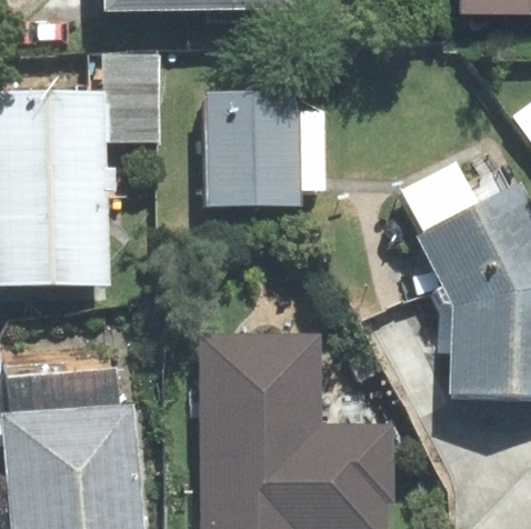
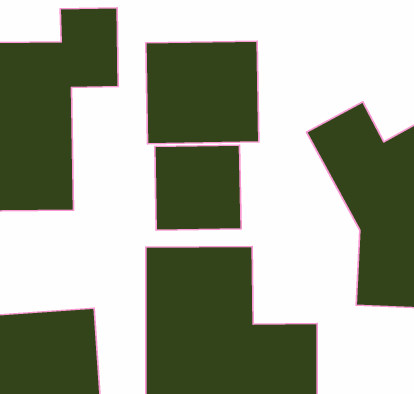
building: none -> [155,145,241,230]

